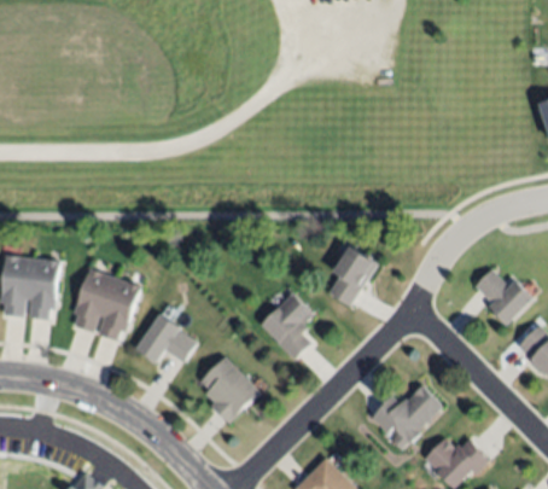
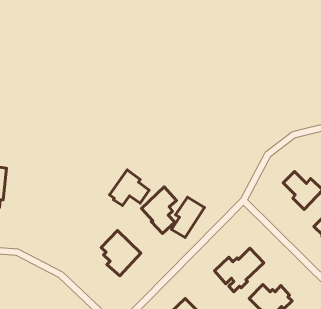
building: [327,244,377,304] -> [171,197,205,237]
building: [72,268,140,342] -> none
building: [135,310,194,363] -> [109,170,149,206]

